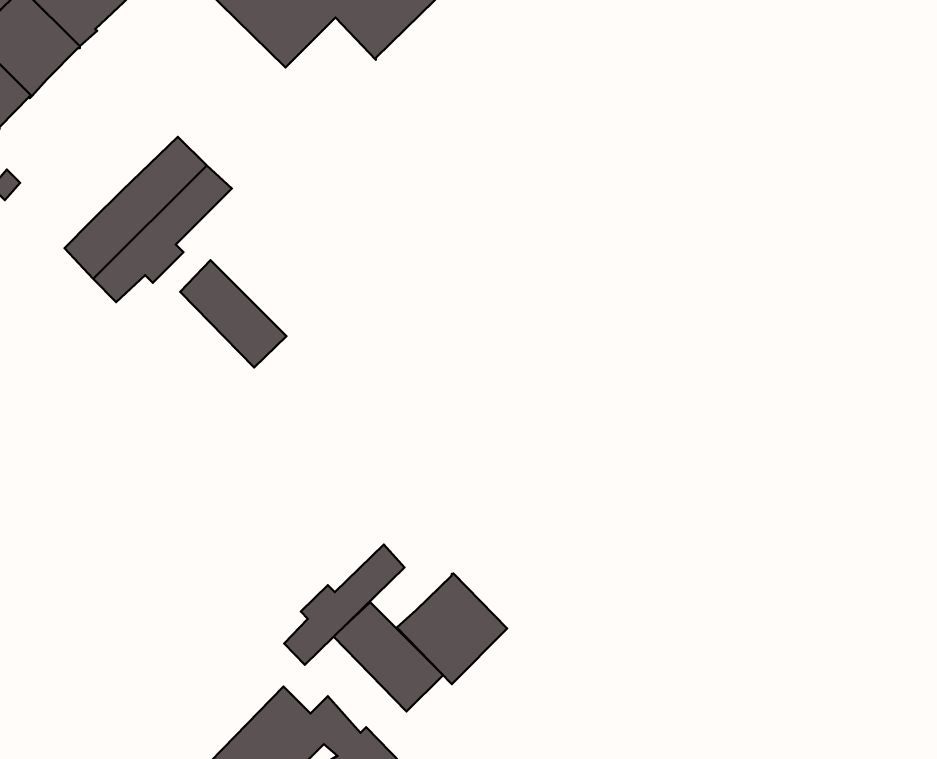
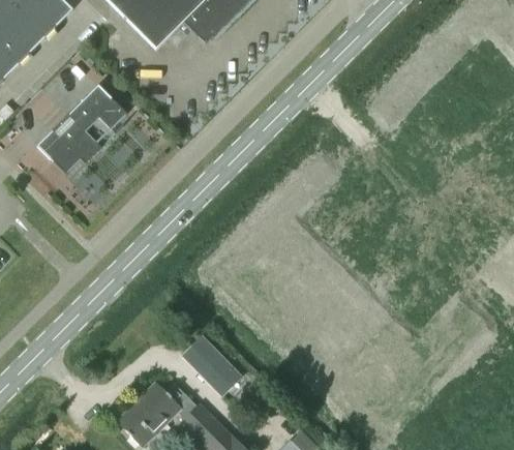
building: [180,260,286,367] -> none
building: [284,544,405,665] -> none
building: [397,574,507,684] -> none

